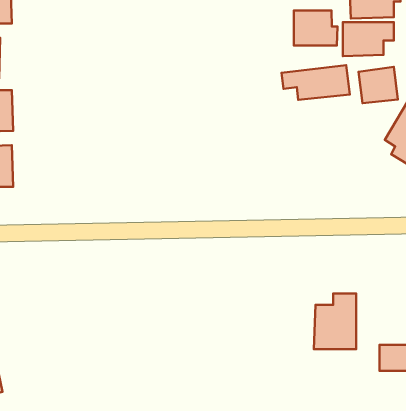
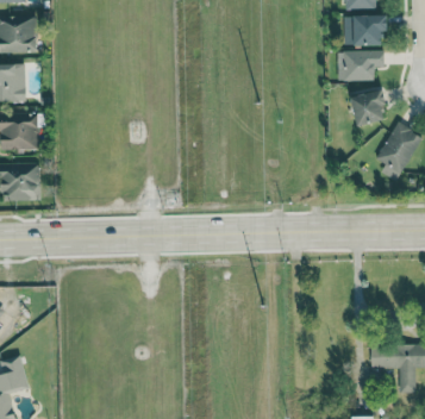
building: [294,10,338,46] -> none
building: [282,65,350,100] -> none
building: [314,293,356,349] -> none

